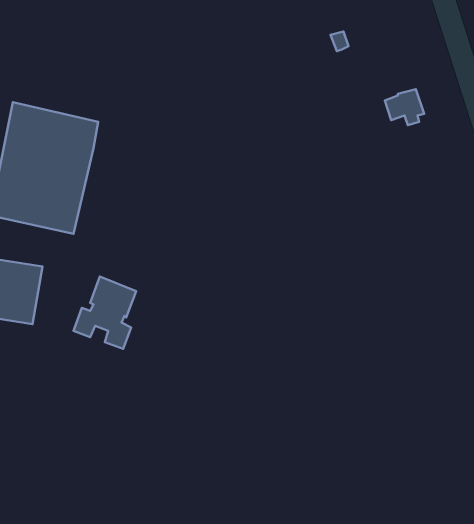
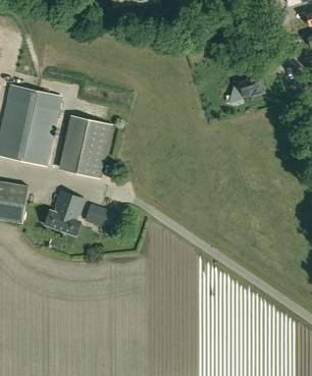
building: none -> [59,115,111,179]
building: none -> [84,203,113,227]

